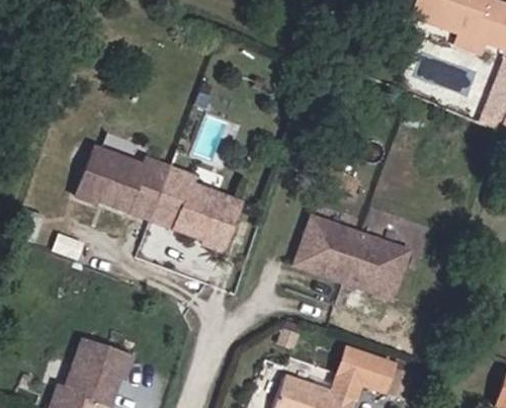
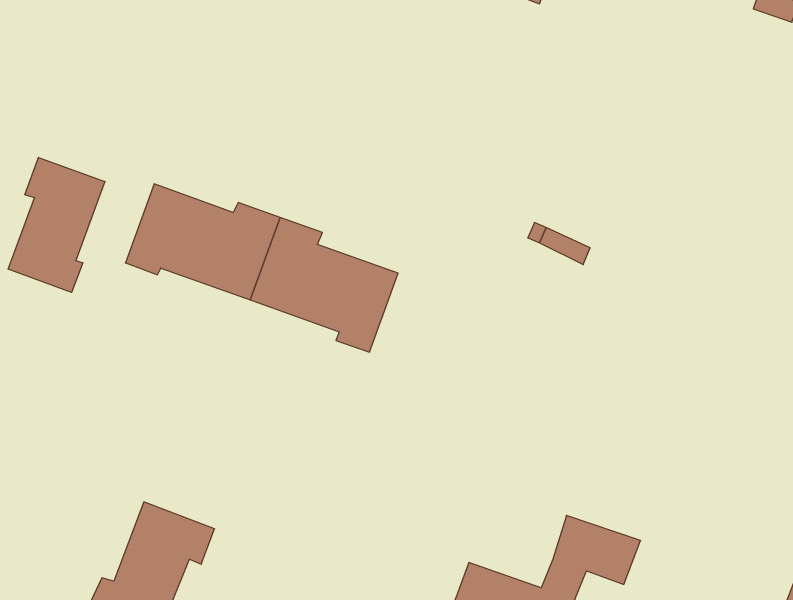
building: none -> [8,157,105,292]
building: [288,216,402,296] -> none

